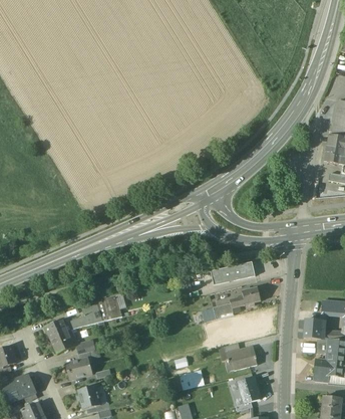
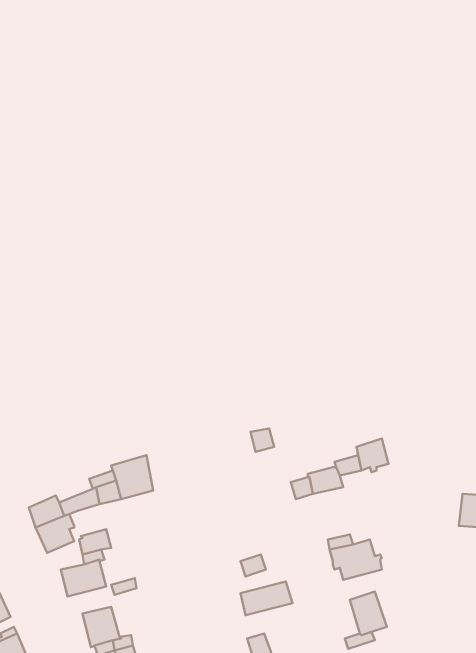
building: [210,261,255,284] -> none

